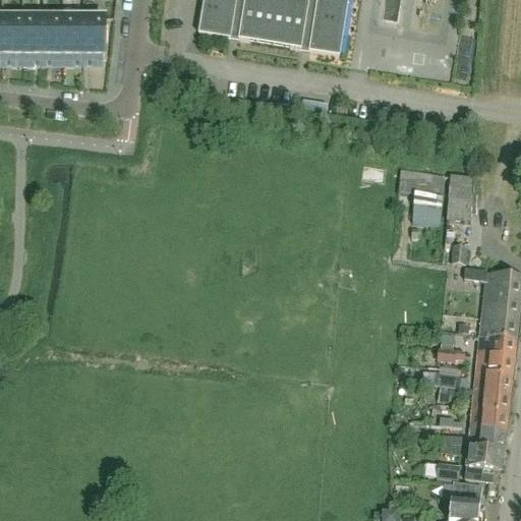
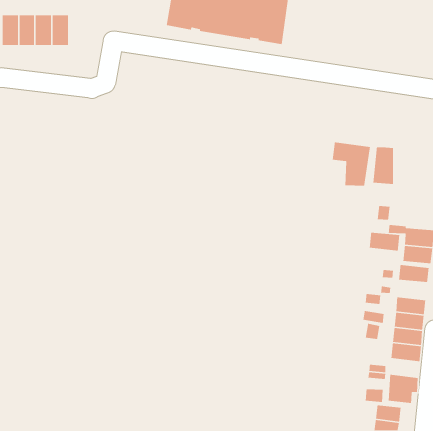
building: [84,17,107,55] -> none
building: [476,335,514,358] -> [369,232,400,251]
building: [468,428,505,451] -> none

